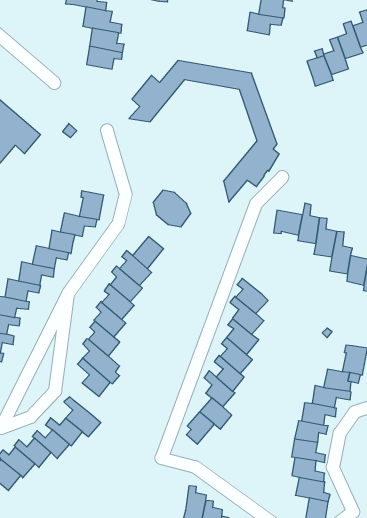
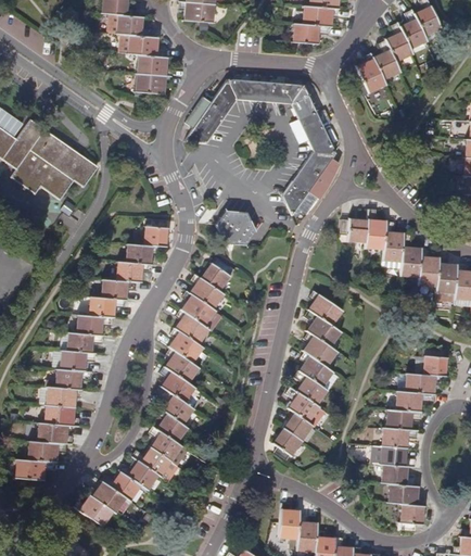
building: none -> [155,408,186,442]

